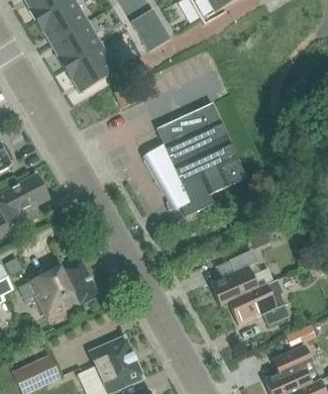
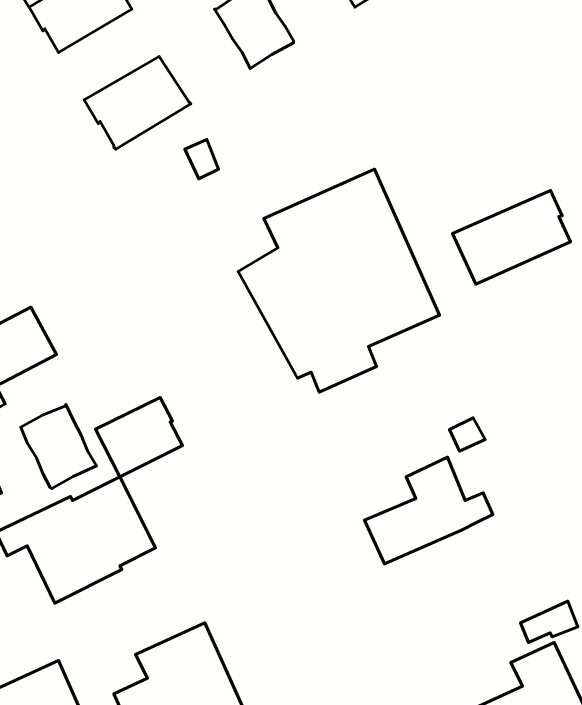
building: [50,20,102,67] -> none
building: none -> [452,191,570,284]
building: none -> [95,397,182,477]
building: none -> [21,404,97,489]
building: [217,278,288,324] -> none

